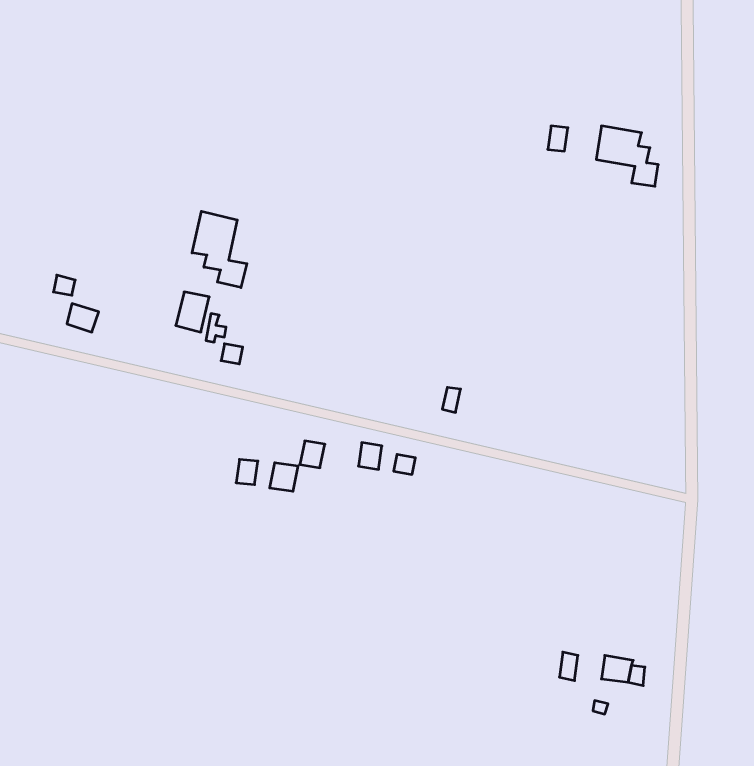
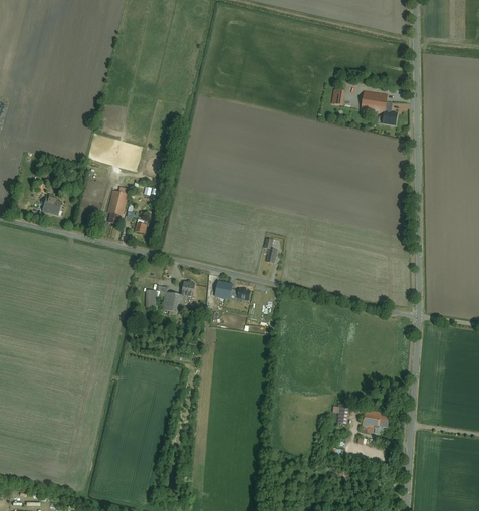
building: [192,211,247,288] -> none

